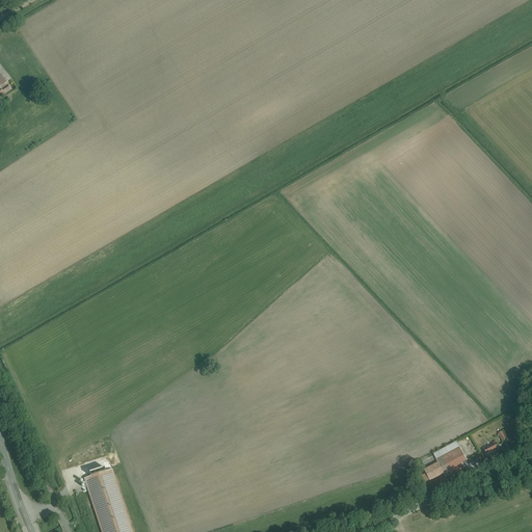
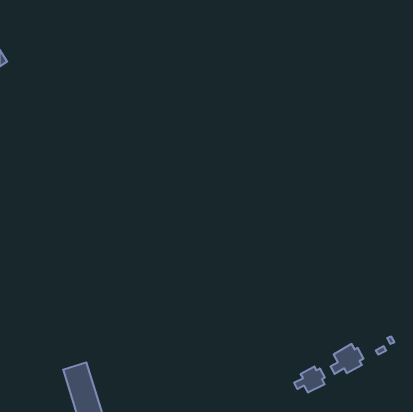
building: none -> [294,366,325,393]

